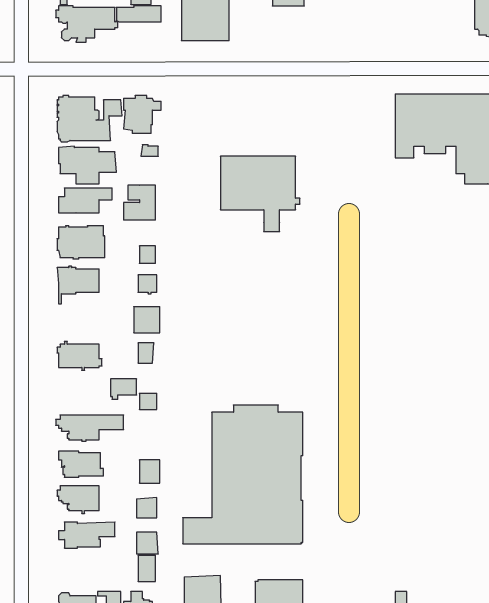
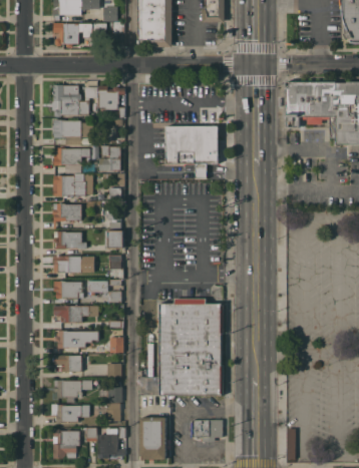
building: none -> [53,231,86,250]
building: none -> [53,281,83,299]
building: none -> [51,404,89,423]

